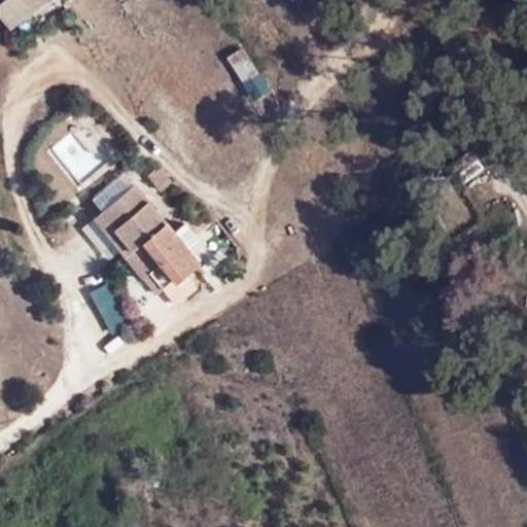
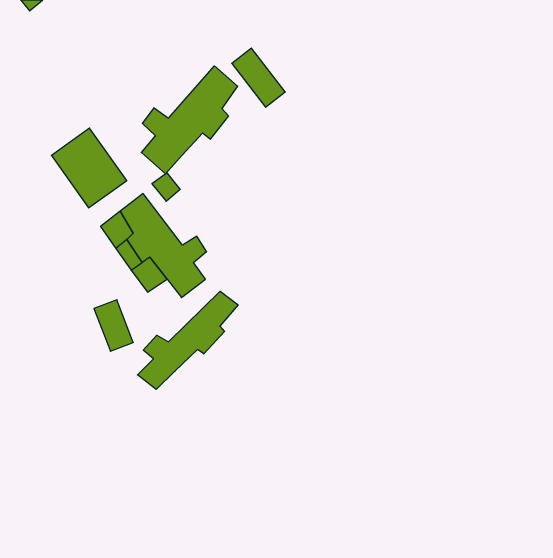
building: none -> [141,66,238,174]
building: none -> [137,291,238,389]

